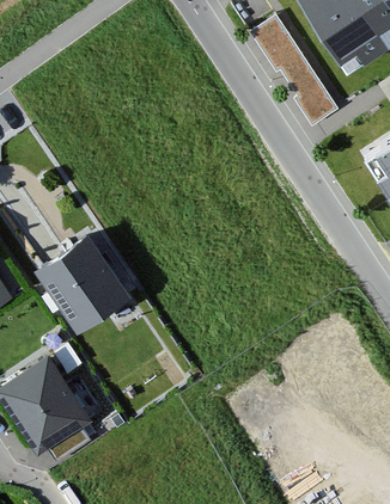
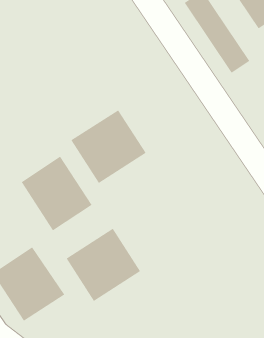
building: none -> [70,109,147,184]
building: none -> [66,228,141,302]

